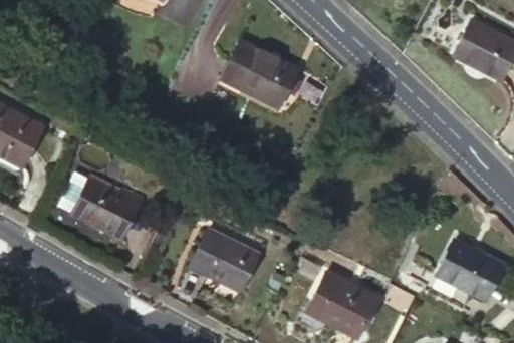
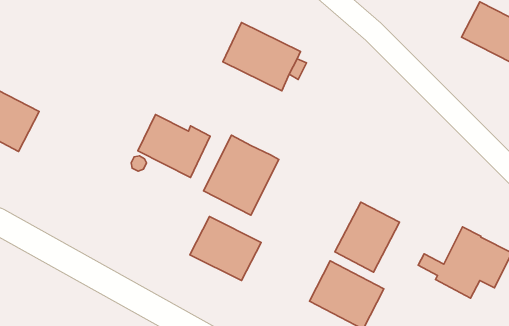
building: none -> [203,135,279,215]
building: [71,178,142,239] -> [138,115,210,178]
building: none -> [335,202,399,272]

